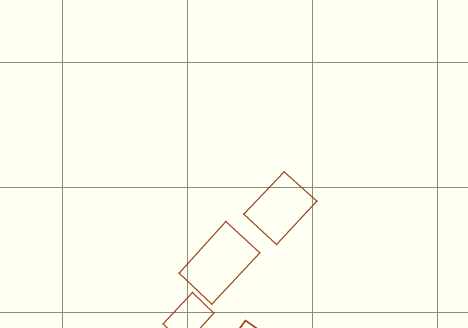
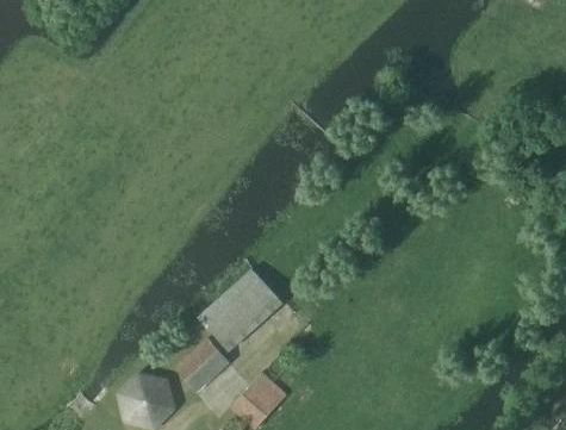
building: [244,172,317,245] -> none

